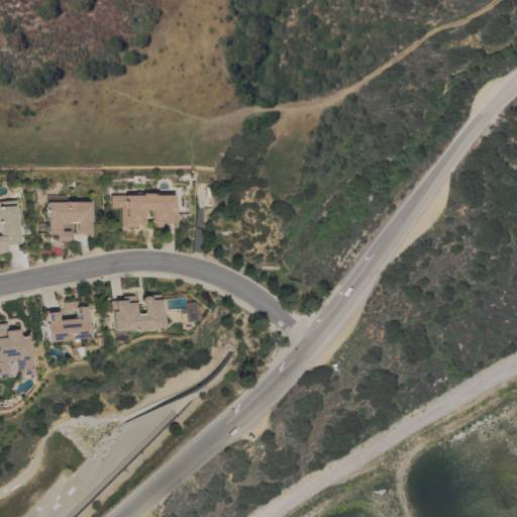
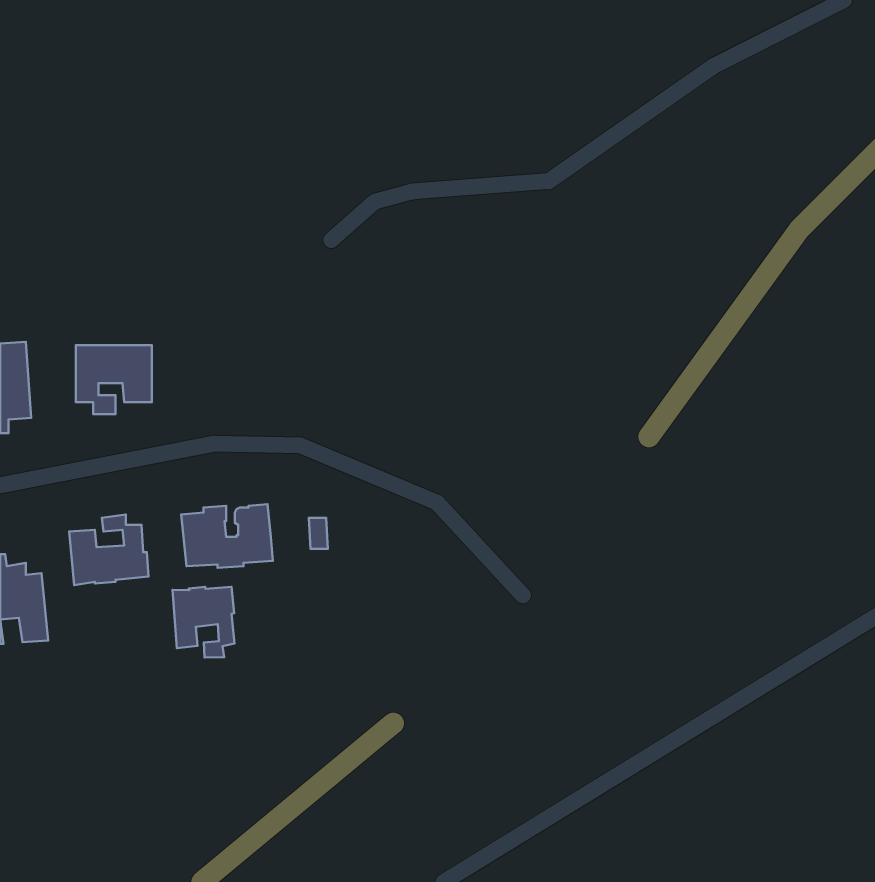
building: [113,194,177,228] -> none
building: none -> [172,587,234,658]

